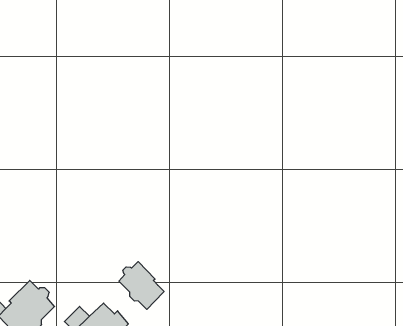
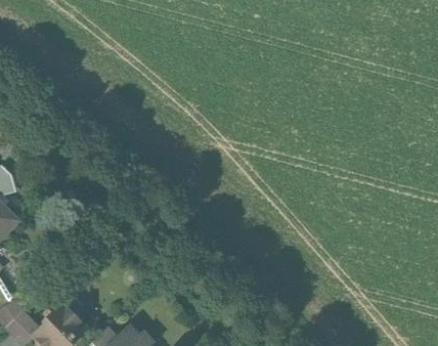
building: [119,262,164,309] -> none

